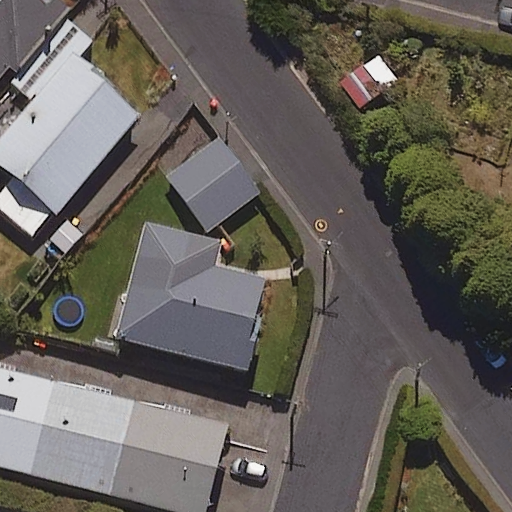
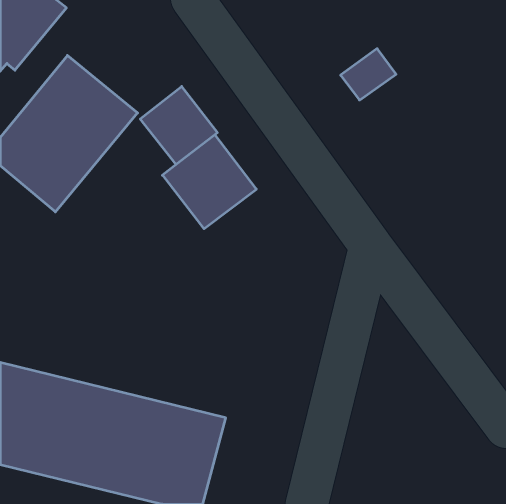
building: none -> [140,86,217,164]
building: [111,217,264,371] -> none

